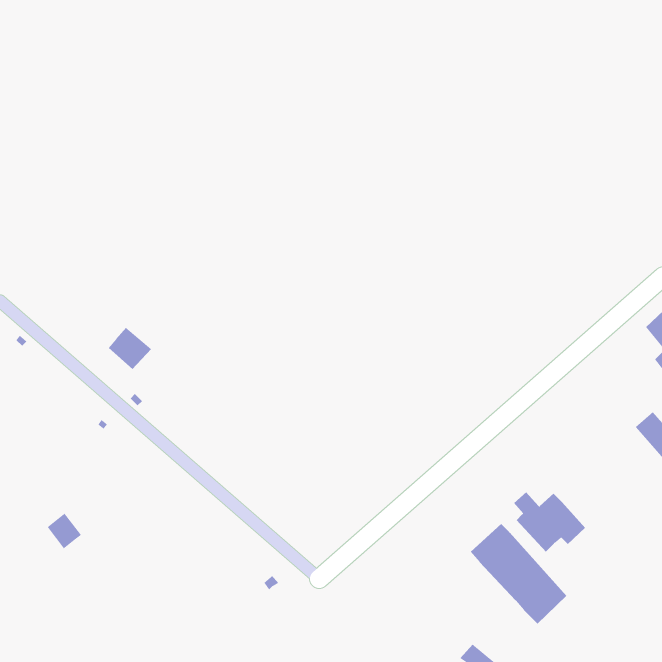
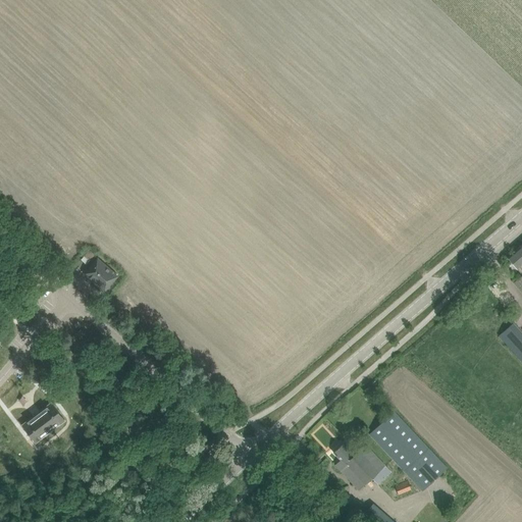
building: [513,492,586,553] -> [334,443,392,491]
building: none -> [22,415,51,443]

